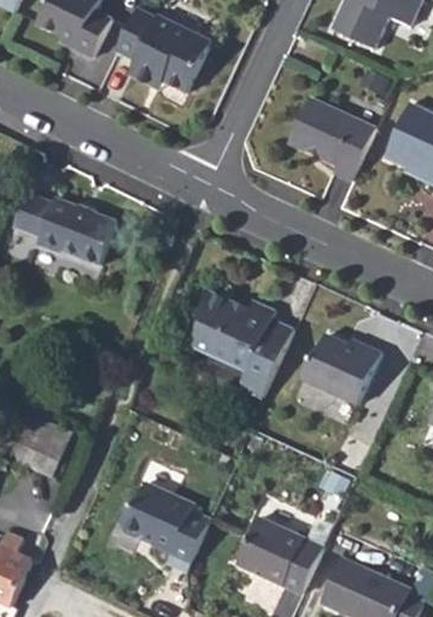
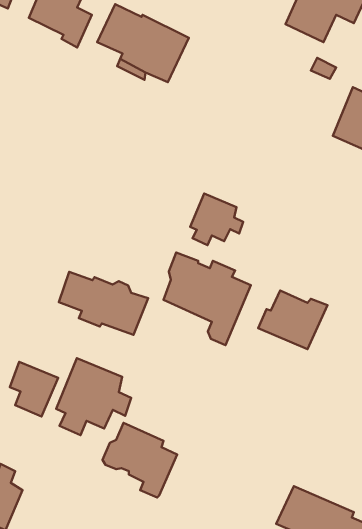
building: [287,95,375,177] -> none
building: [11,196,113,269] -> [59,272,148,335]
building: none -> [190,194,243,245]
building: none -> [56,358,131,435]
building: [235,516,322,592] -> none

